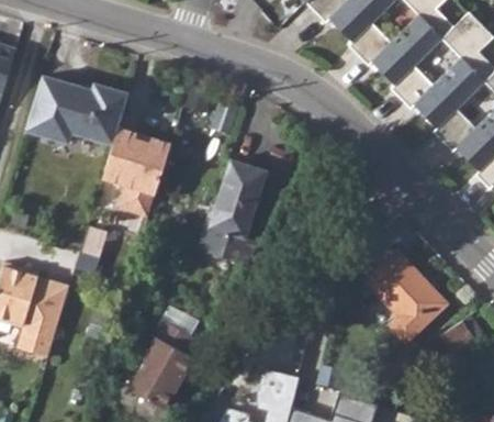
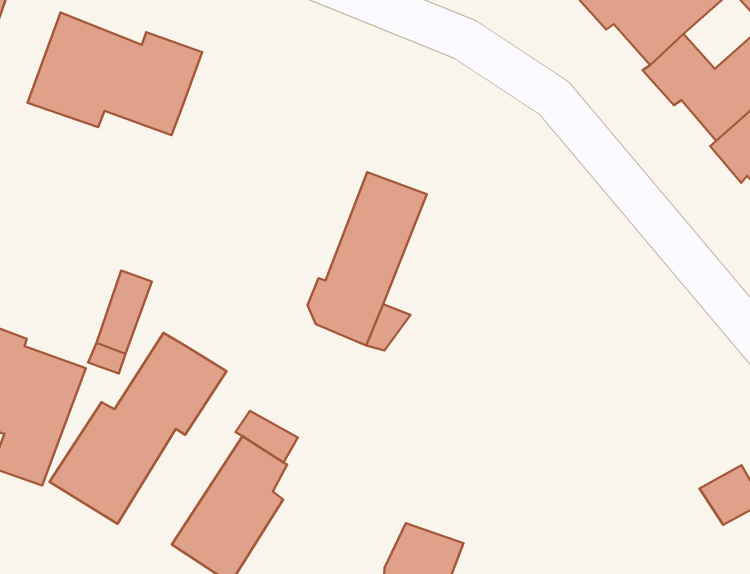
building: [103,126,171,218] -> none
building: [366,251,449,344] -> none
building: none -> [49,333,226,524]

